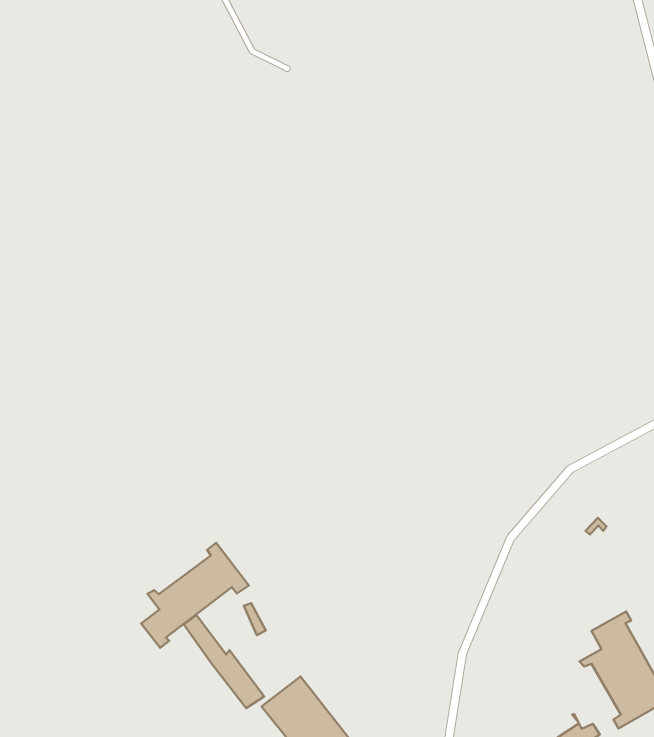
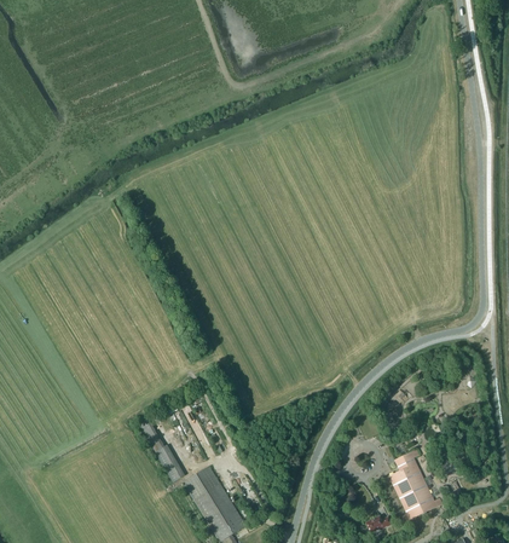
building: [141,543,249,648] -> none

